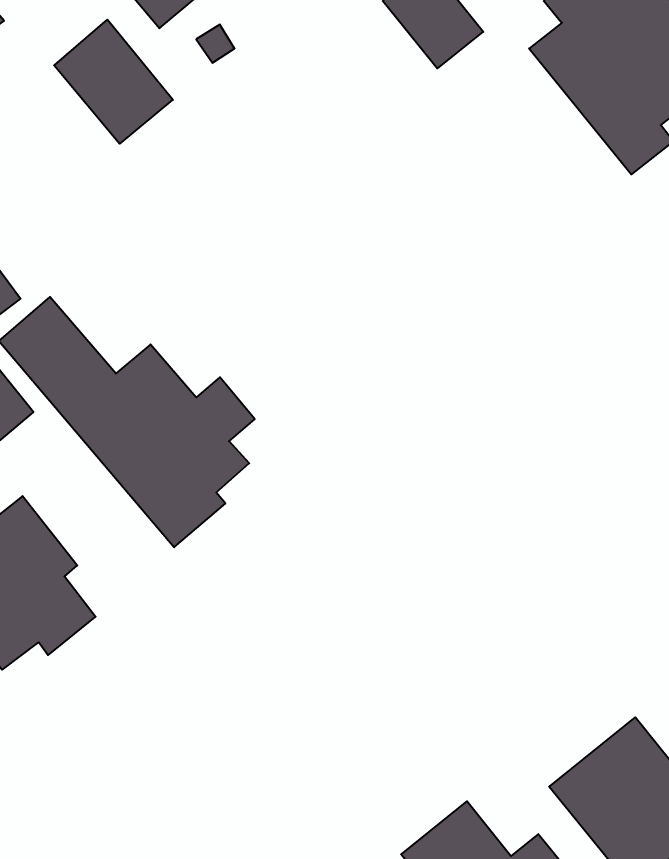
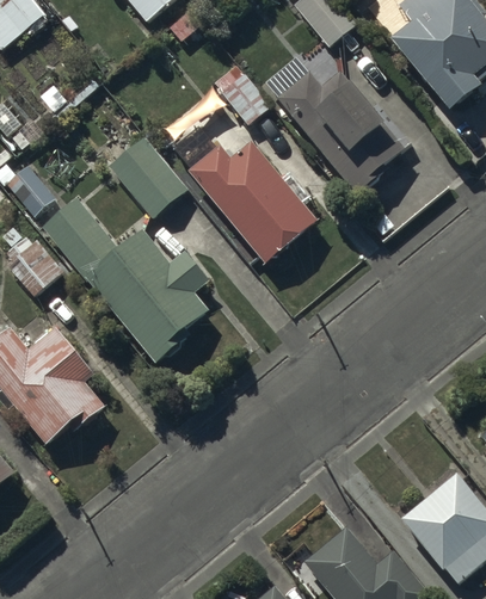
building: [54,20,173,144] -> [109,135,186,216]
building: none -> [262,50,404,194]
building: none -> [187,141,315,261]

